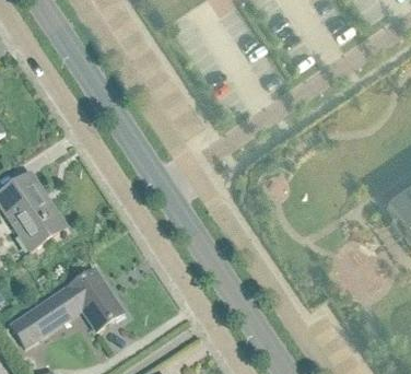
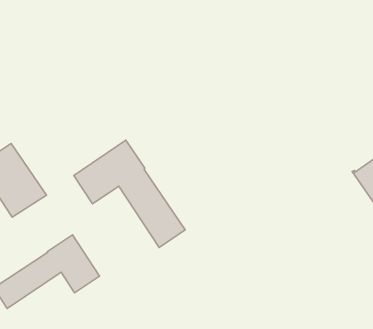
building: none -> [74,140,185,247]

